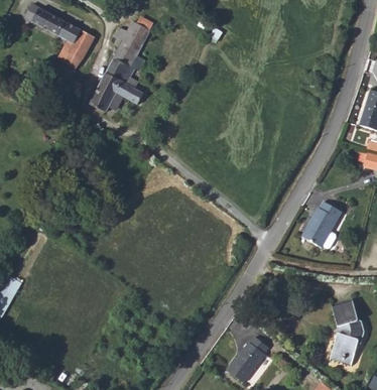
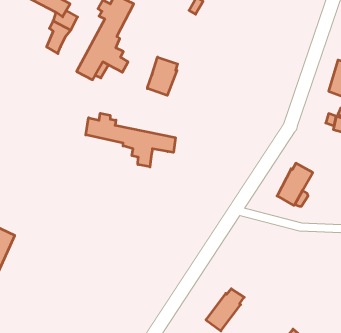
building: none -> [147,57,178,95]
building: none -> [86,113,175,167]
building: [330,301,363,364] -> none

